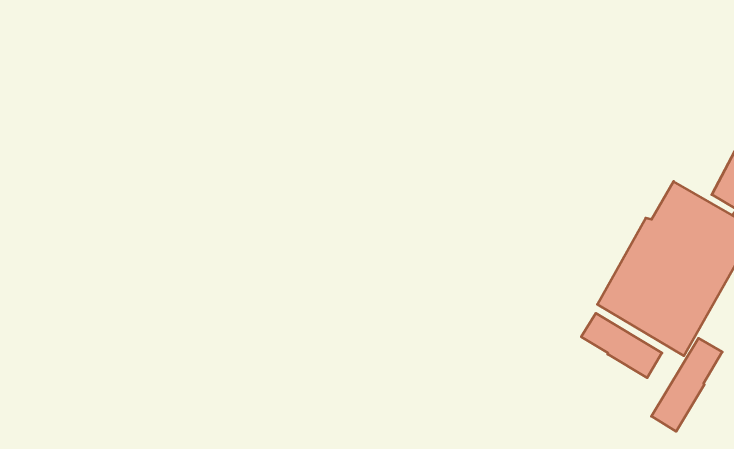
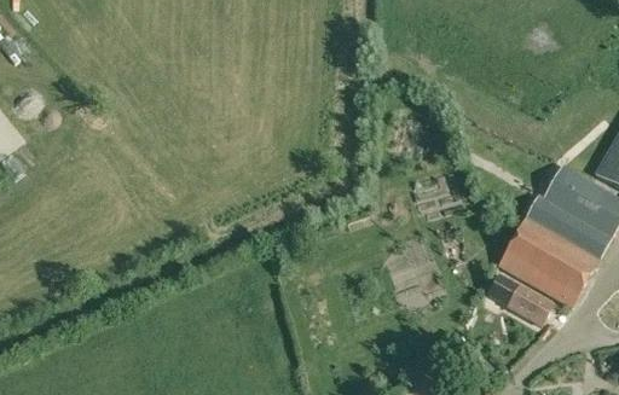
building: [651,338,722,431] -> none

